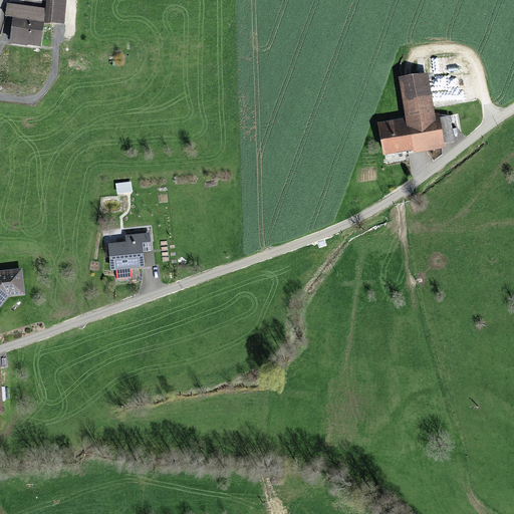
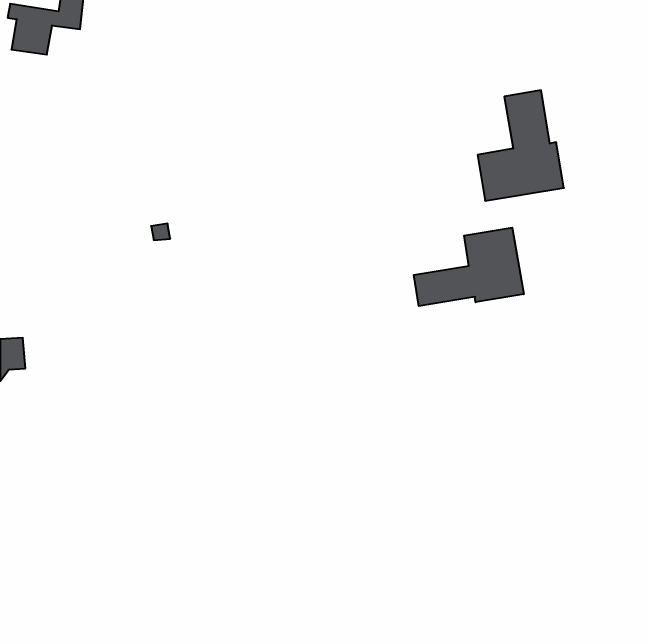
building: none -> [414,228,524,306]
building: [106,232,148,266] -> none

